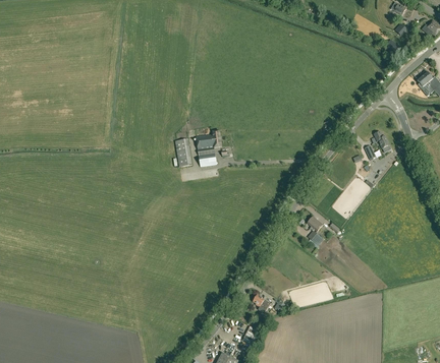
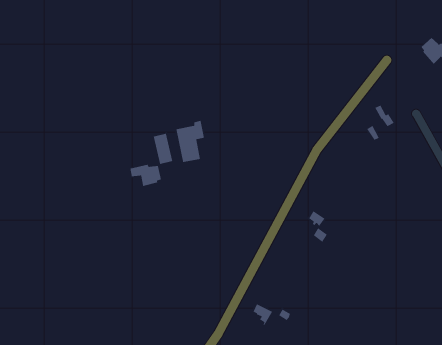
building: none -> [129,164,162,187]

